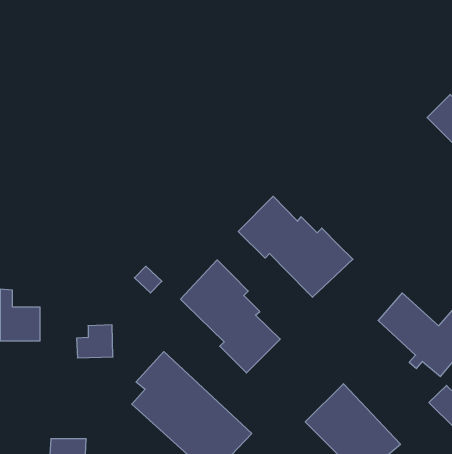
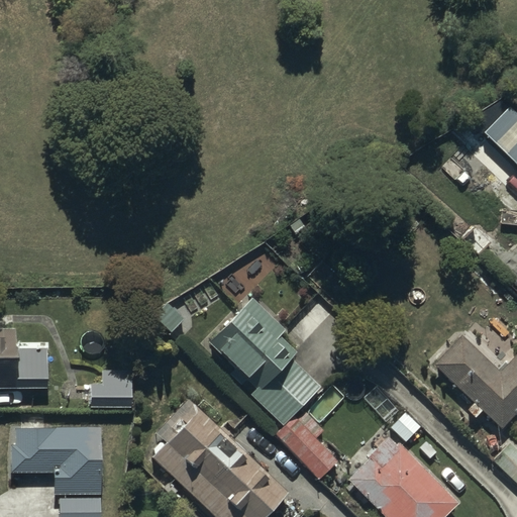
building: [238,196,353,297] -> none
building: none -> [276,408,338,479]
building: none -> [11,423,101,496]

